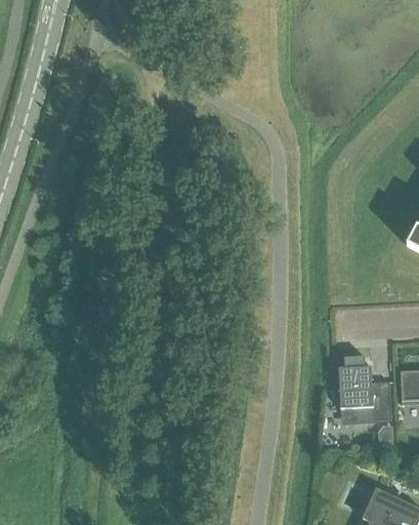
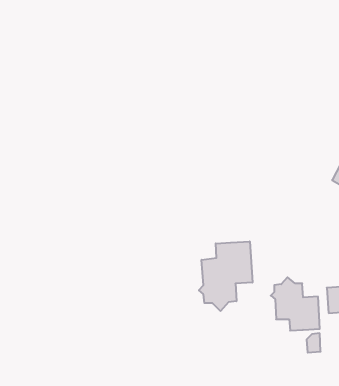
building: none -> [199,241,252,311]

